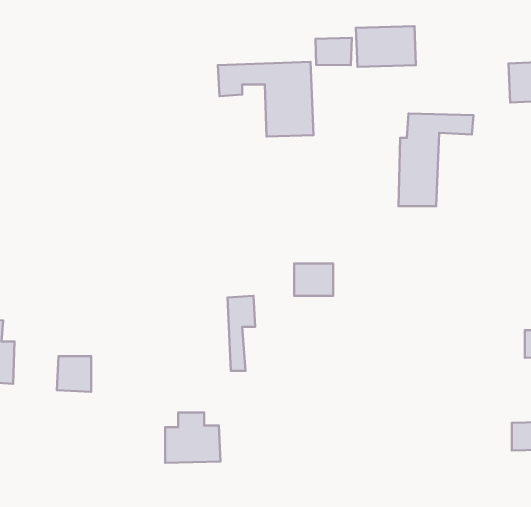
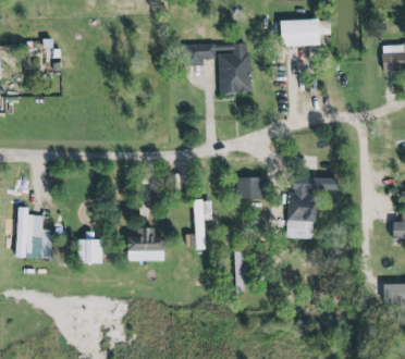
building: [316,38,352,65] -> none
building: [399,113,473,206] -> [287,176,337,238]
building: [165,413,221,463] -> [127,227,164,261]

